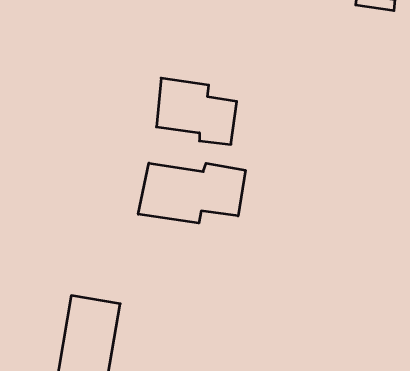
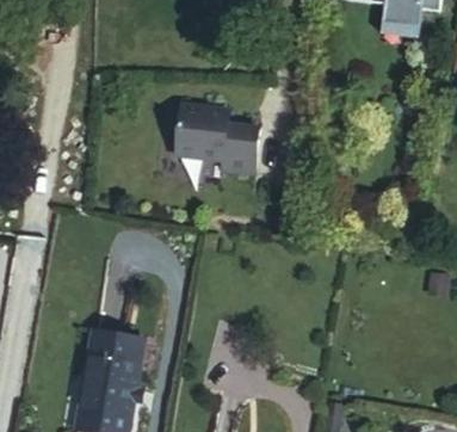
building: [138,163,245,223] -> none

